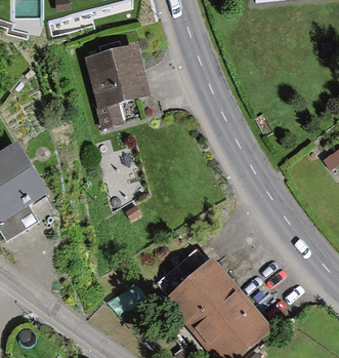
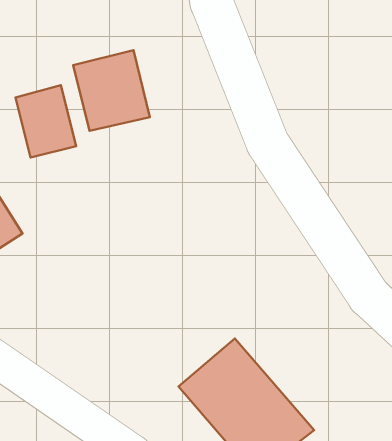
building: none -> [16,85,76,158]

